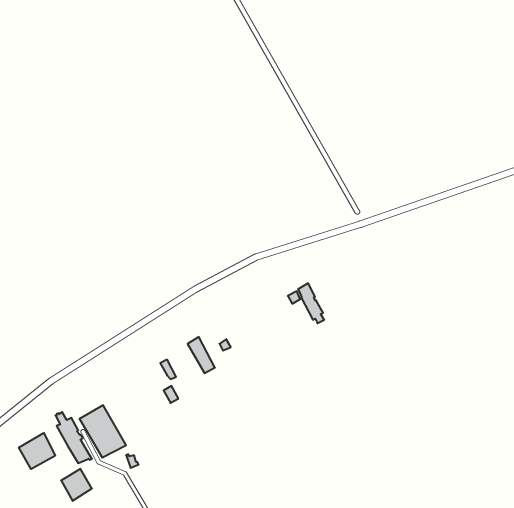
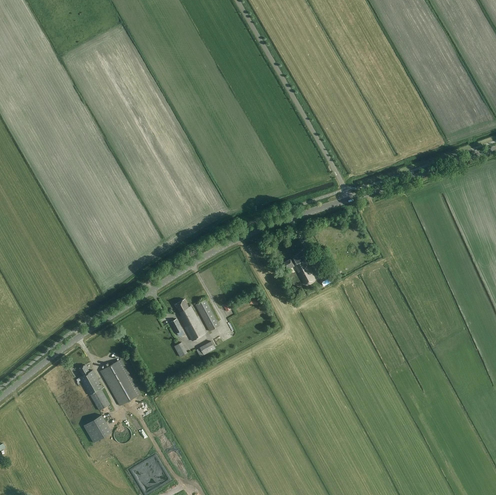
building: none -> [175,299,206,341]
building: [19,433,55,469] -> none

